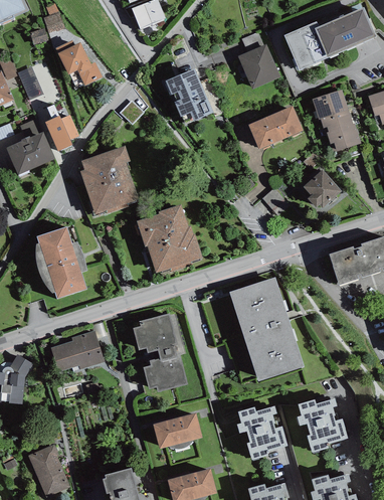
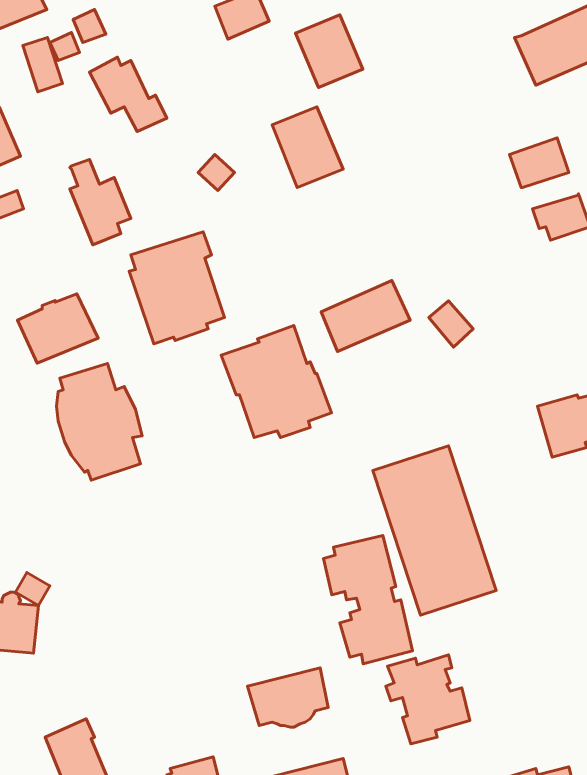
building: [284,20,328,69] -> none
building: [238,44,279,89] -> [295,15,363,87]
building: [19,63,43,97] -> [23,37,62,92]
building: [248,106,303,149] -> [321,281,410,351]
building: [320,110,353,133] -> none
building: [6,132,55,174] -> [17,294,98,363]
building: [303,169,342,210] -> none
building: [133,313,187,391] -> [324,536,412,664]
building: [51,330,104,371] -> none
building: [297,397,348,452] -> none

